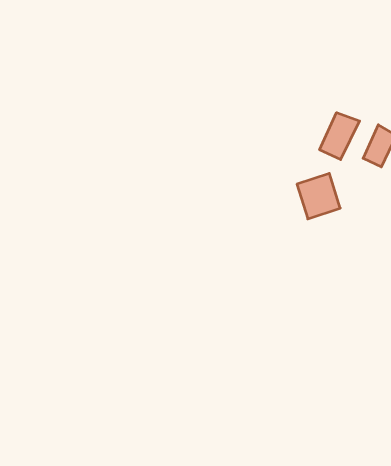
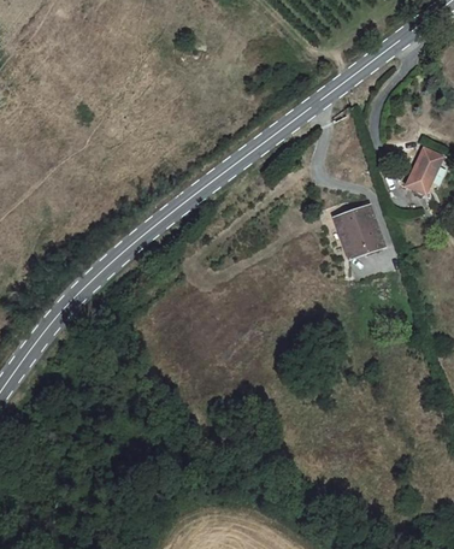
building: [320,113,360,160] -> none

